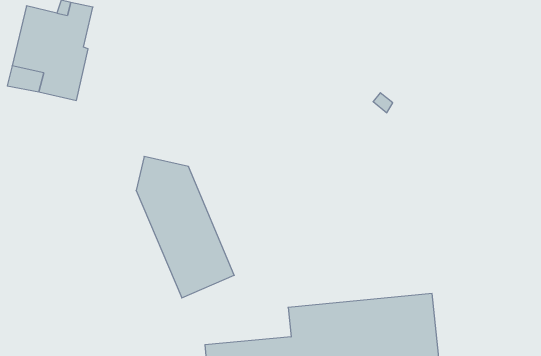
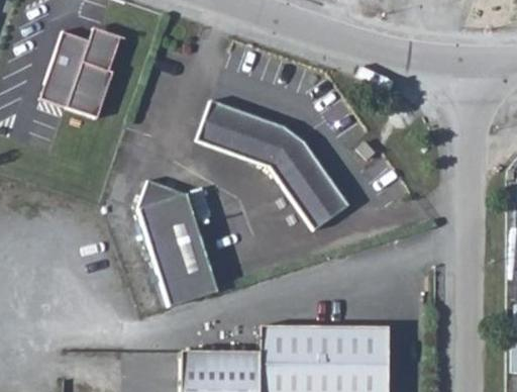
building: none -> [196,100,348,227]

